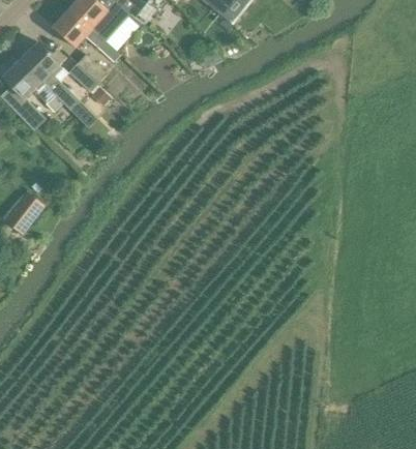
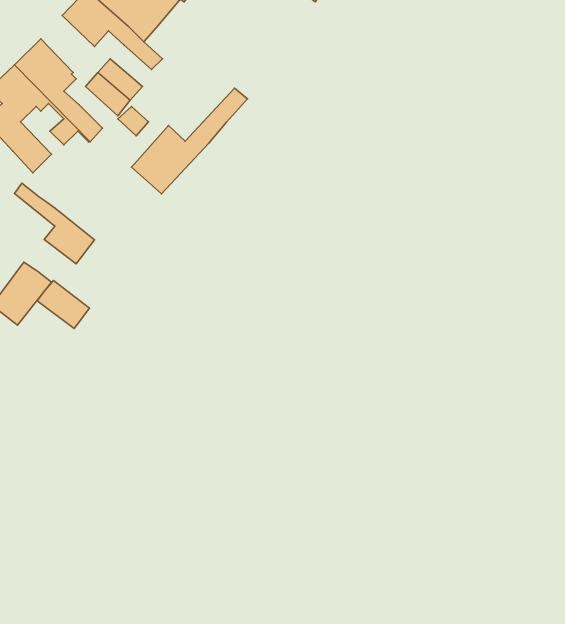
building: none -> [132,88,248,194]
building: none -> [14,183,94,264]
building: none -> [37,281,89,328]

